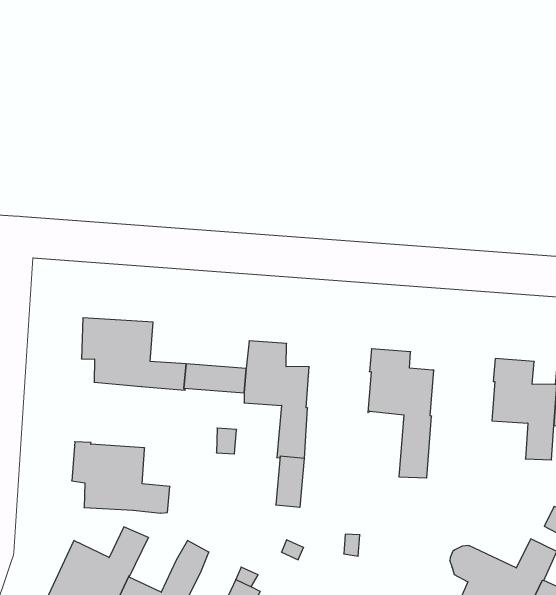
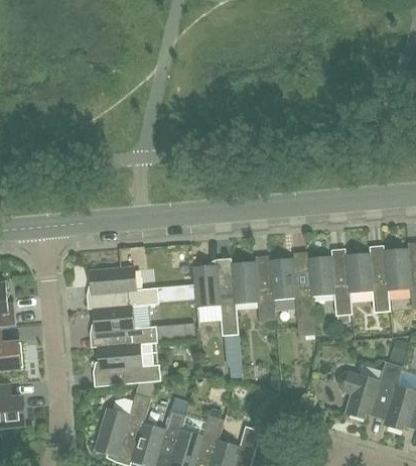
building: none -> [232,261,276,322]
building: none -> [307,255,352,316]
building: none -> [94,306,157,346]

